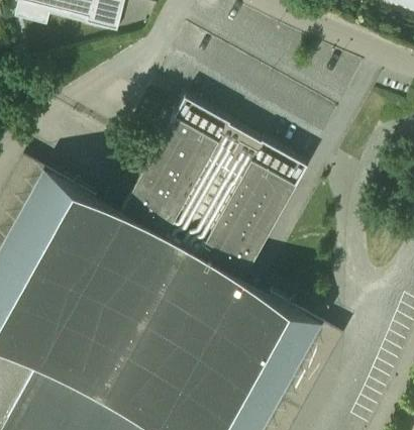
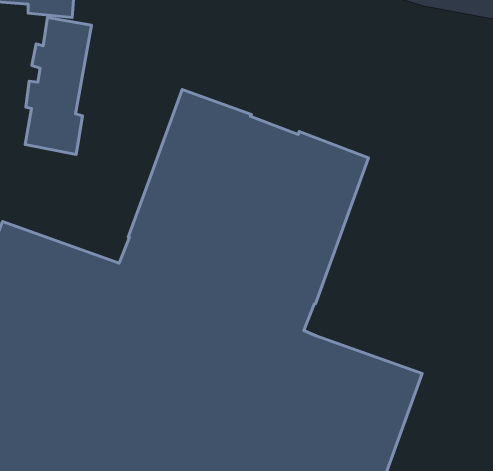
building: none -> [25,17,91,154]

